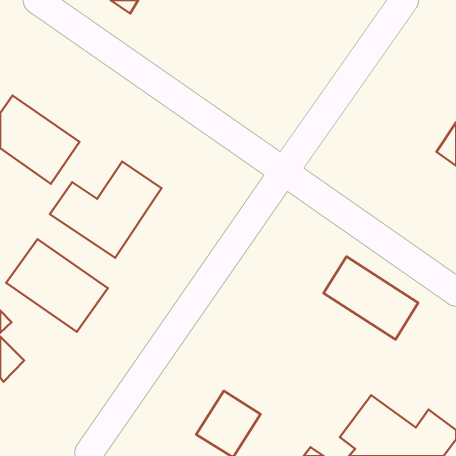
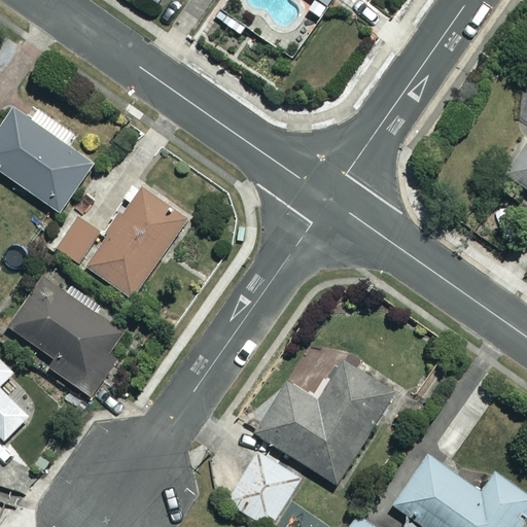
building: [324,257,418,340] -> none
building: none -> [254,365,394,484]

